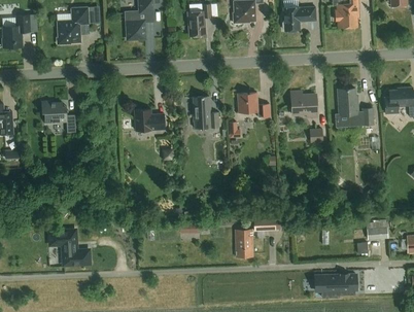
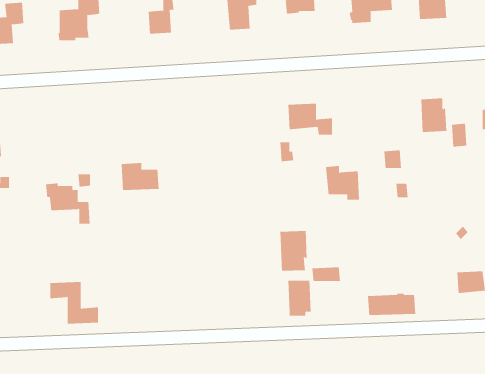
building: [290,91,317,117] -> [325,166,360,200]
building: [193,97,219,128] -> none
building: [41,101,76,133] -> [45,183,91,224]
building: [135,109,165,131] -> [121,163,159,191]
building: none -> [280,230,307,272]
building: [318,275,356,292] -> [367,293,416,316]

